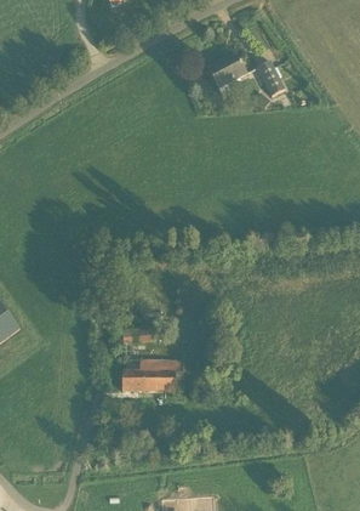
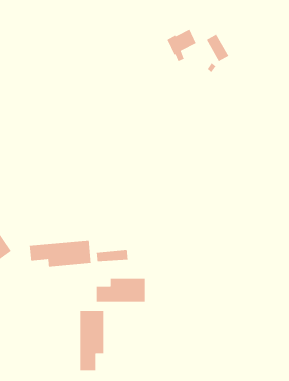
building: none -> [29,240,92,268]
building: none -> [79,310,104,371]

